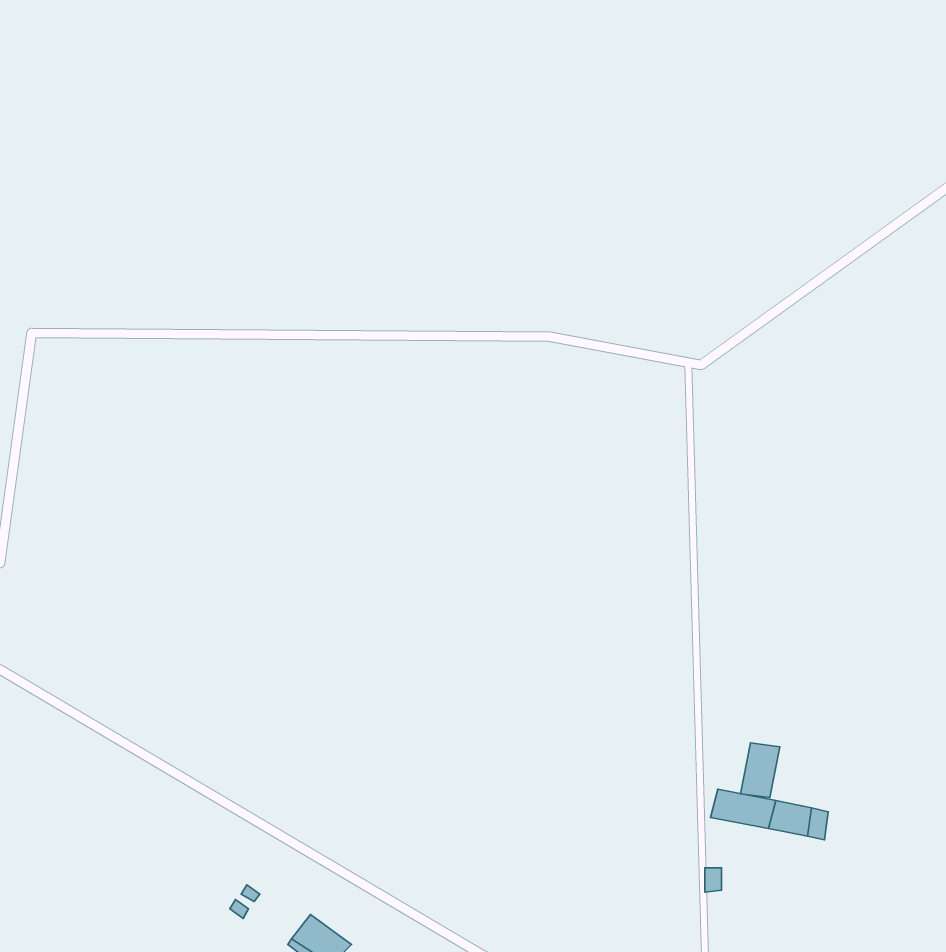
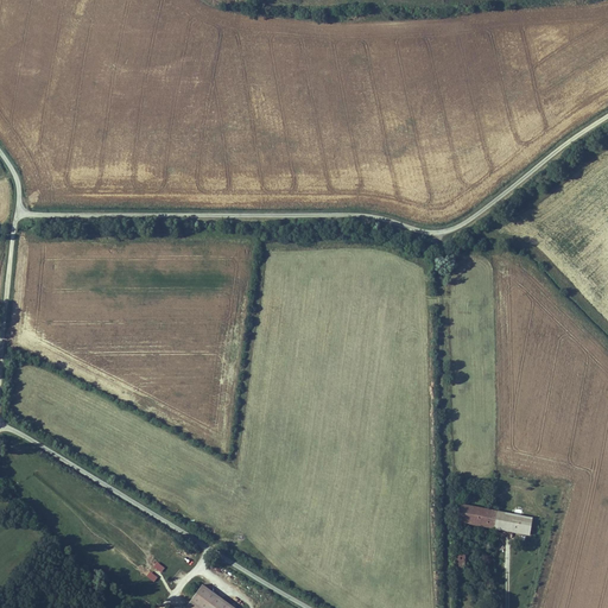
building: [741,743,780,798] -> none

